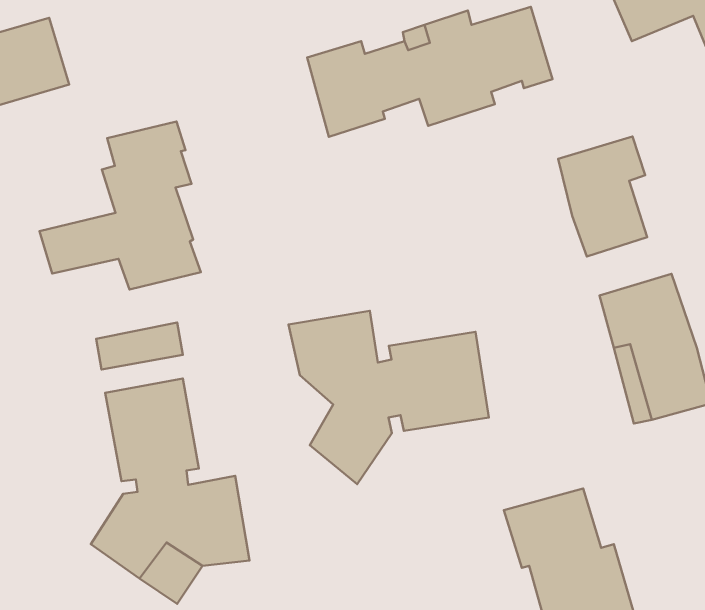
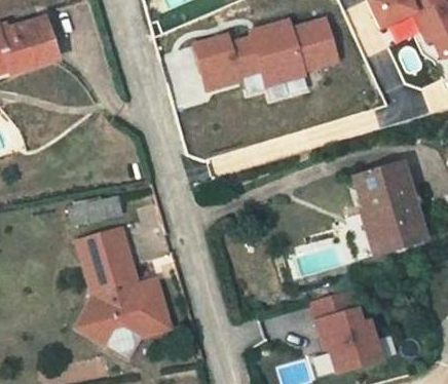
building: [40,122,201,290] -> none
building: [558,137,647,257] -> none
building: [289,311,489,484] -> none

